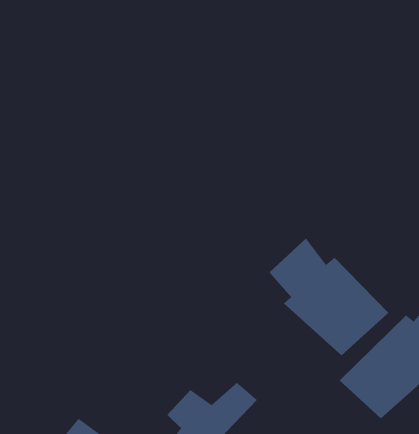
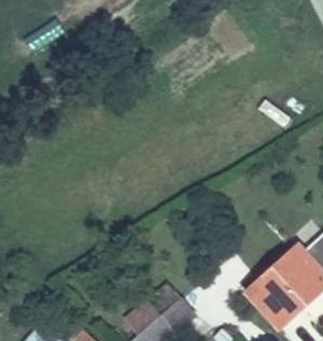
building: [269,238,389,356] -> none

